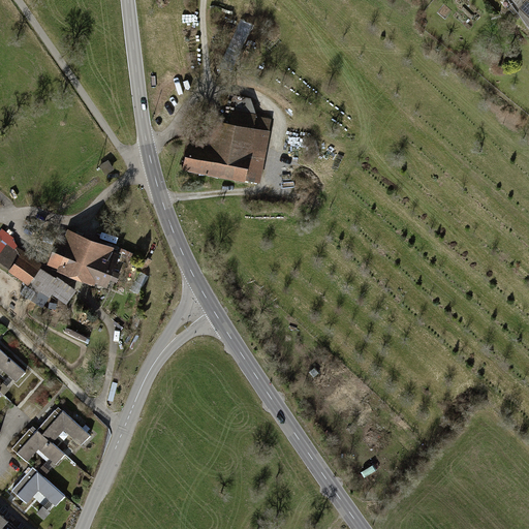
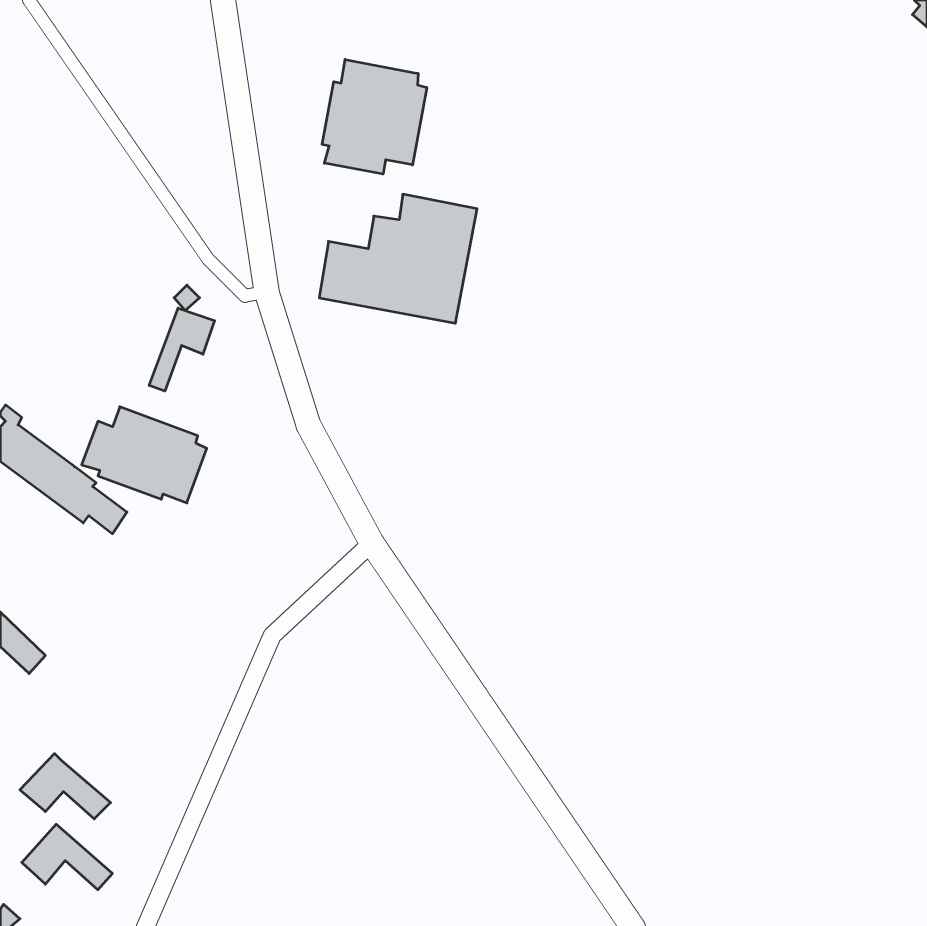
building: none -> [322,59,427,174]
building: none -> [149,308,215,391]
building: [35,409,89,448] -> none

